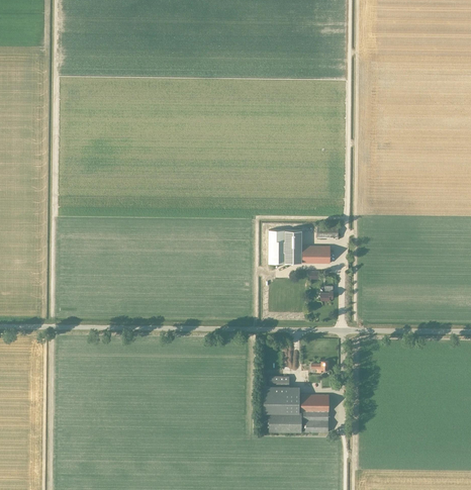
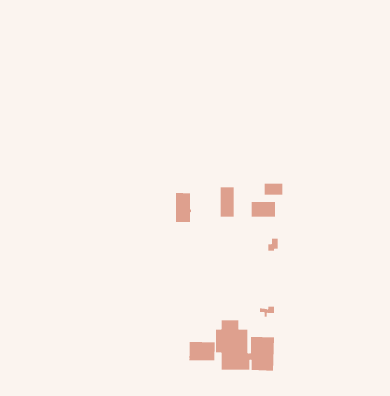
building: [284,229,302,263] -> [175,192,192,223]
building: none -> [189,341,215,361]

